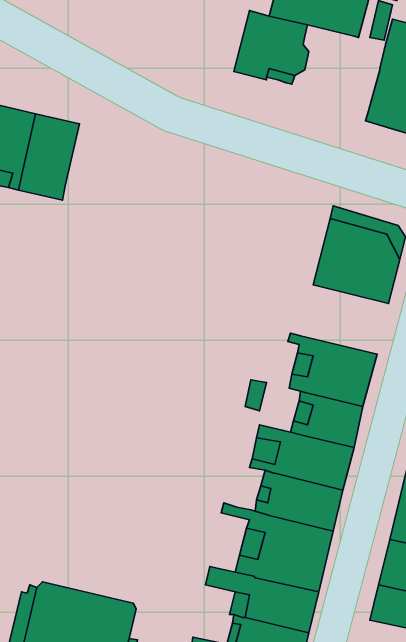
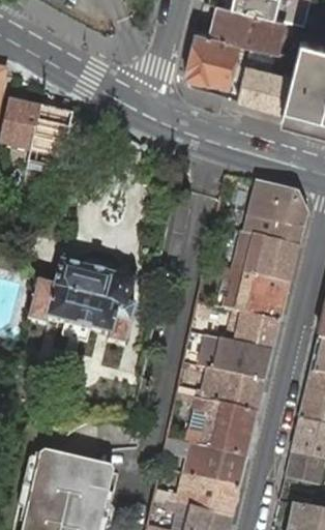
building: none -> [235,63,291,113]
building: none -> [233,233,297,284]
building: none -> [26,263,135,346]

